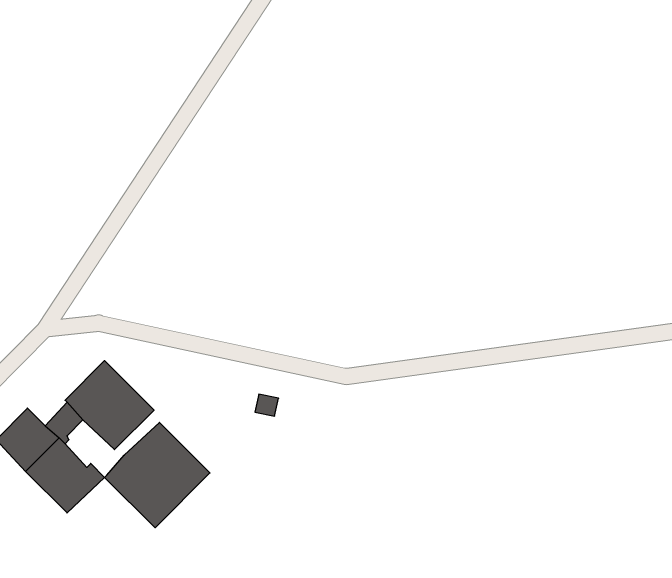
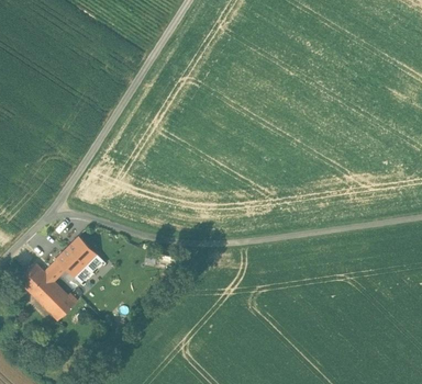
building: [105,422,210,528] -> none

